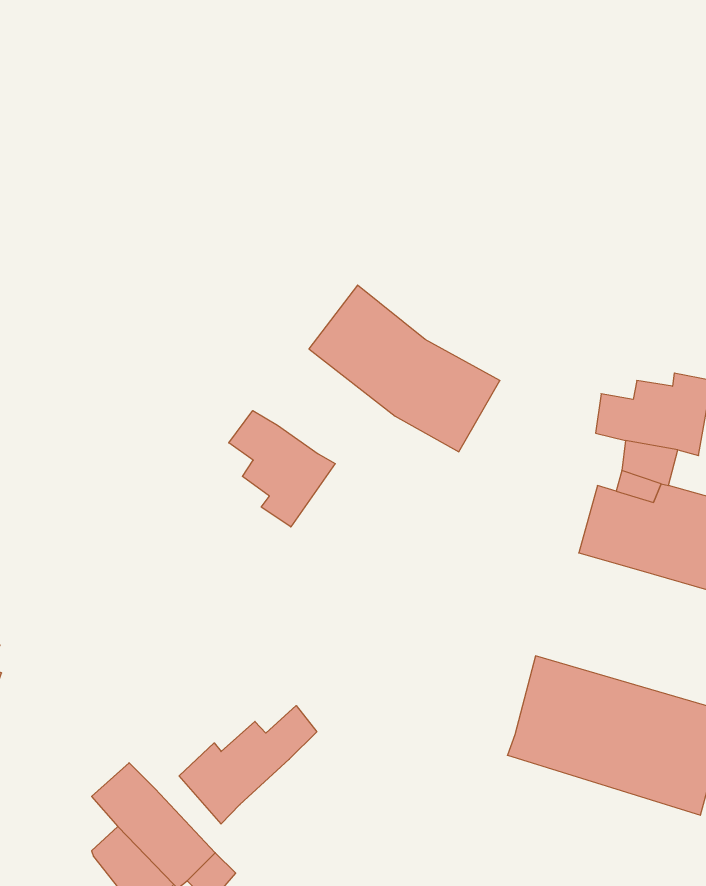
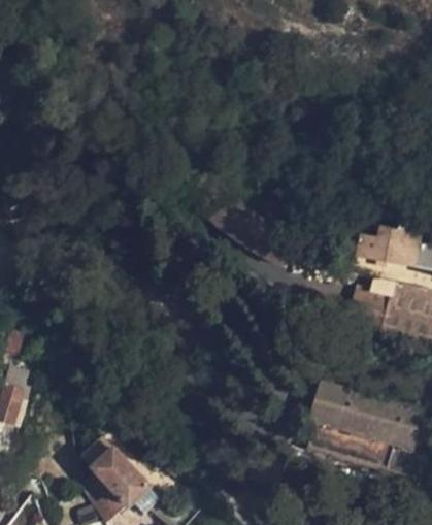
building: [229,411,335,527] -> none
building: [179,706,317,824] -> none

